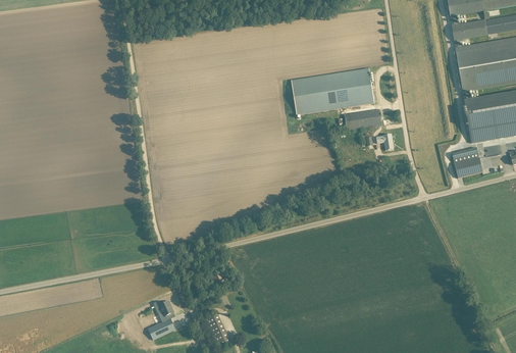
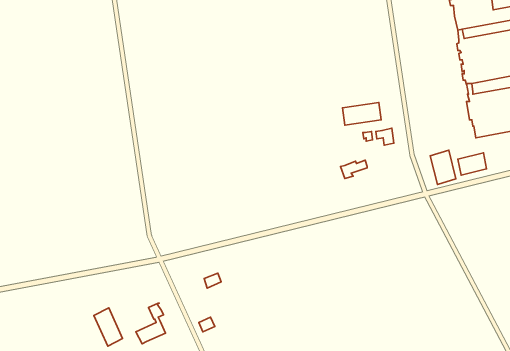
building: [292,67,374,114] -> none
building: none -> [430,150,456,184]
building: none -> [94,308,123,346]

